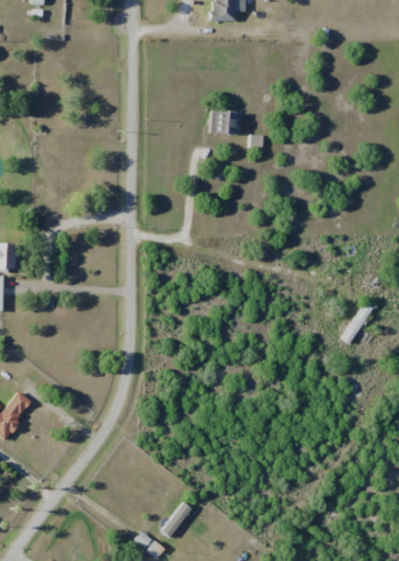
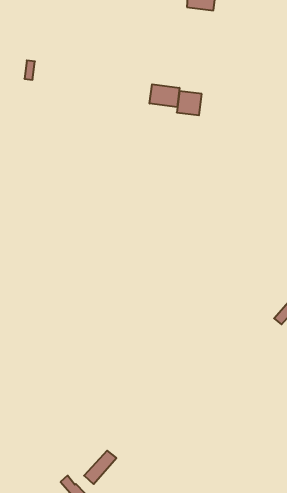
building: none -> [150,84,179,107]

